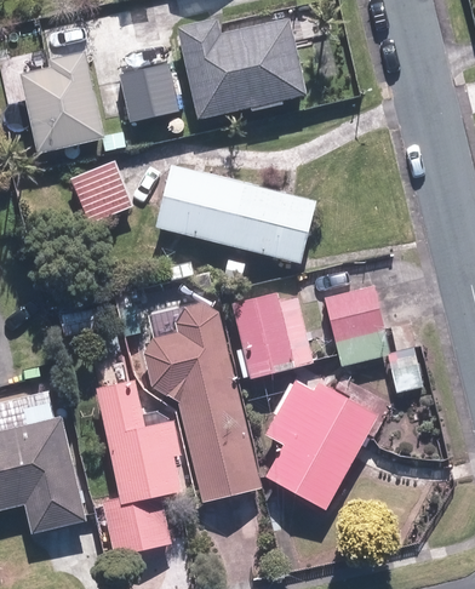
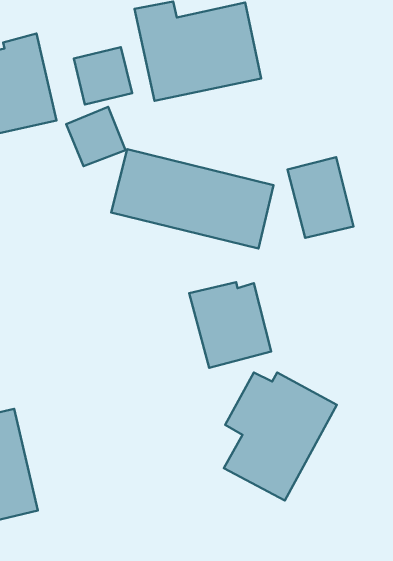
building: [71,164,130,222] -> [66,107,126,166]
building: [324,286,388,365] -> [288,157,353,238]
building: [143,303,259,501] -> none
building: [96,379,181,553] -> none

